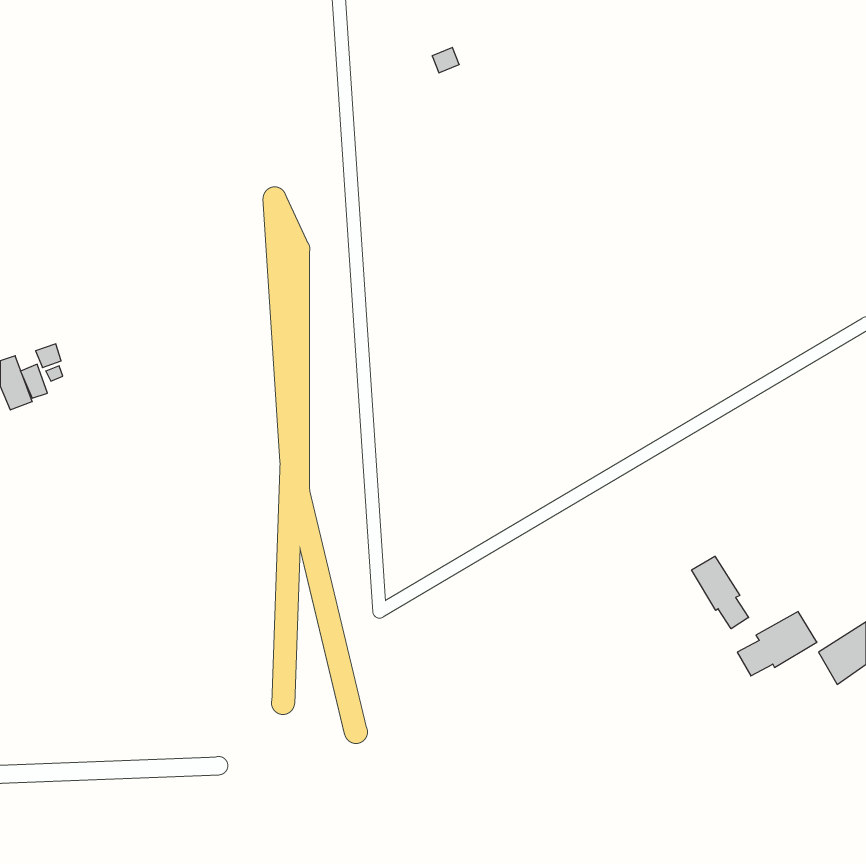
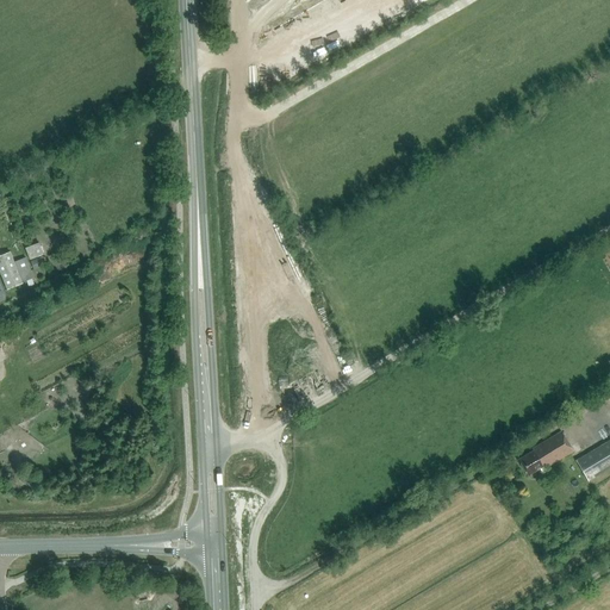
building: [692,556,749,629] -> none

